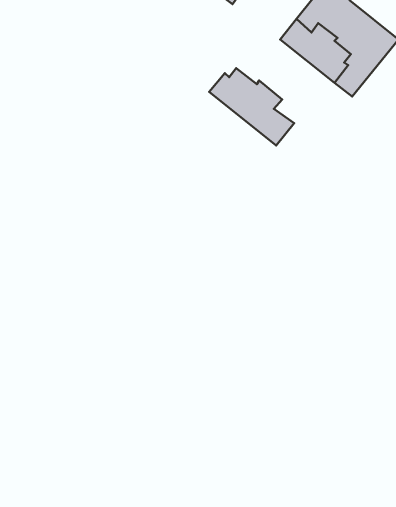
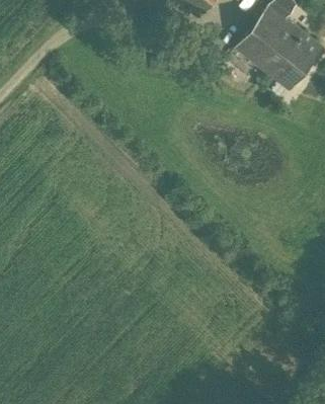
building: [209,68,294,145] -> none

